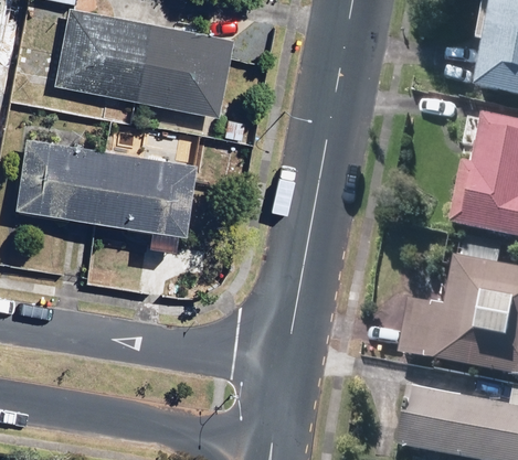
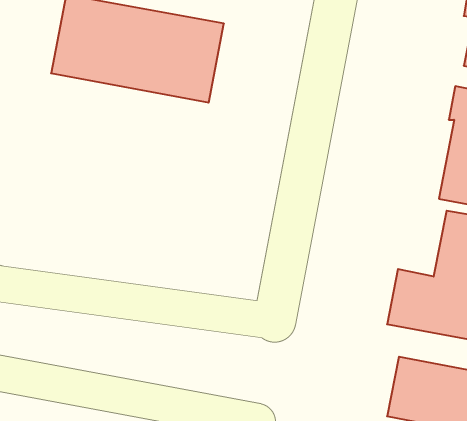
building: [14,135,194,244] -> none

